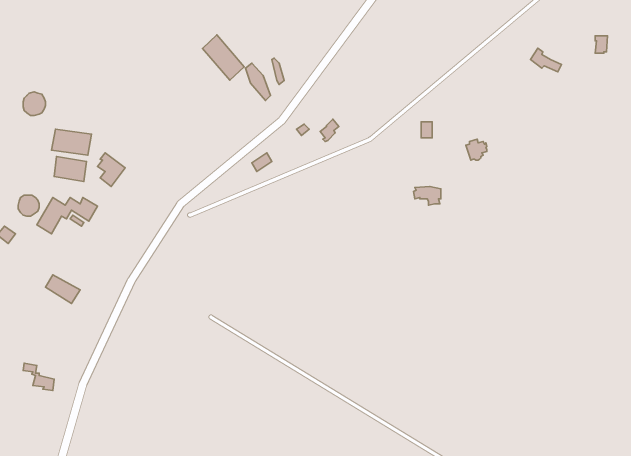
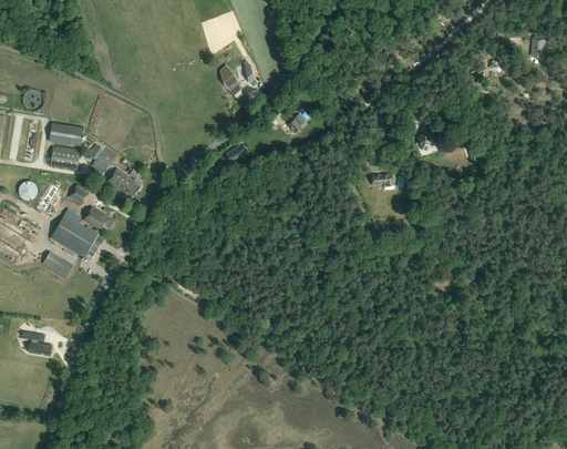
building: [202,35,244,80] -> none
building: none -> [106,167,140,196]
building: none -> [51,205,114,259]

